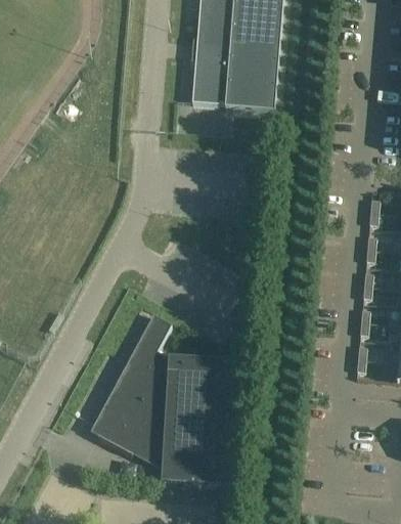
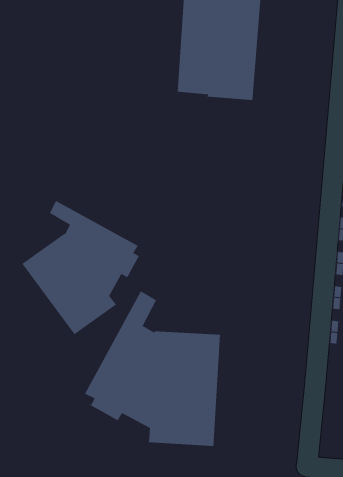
building: none -> [21,200,140,335]

